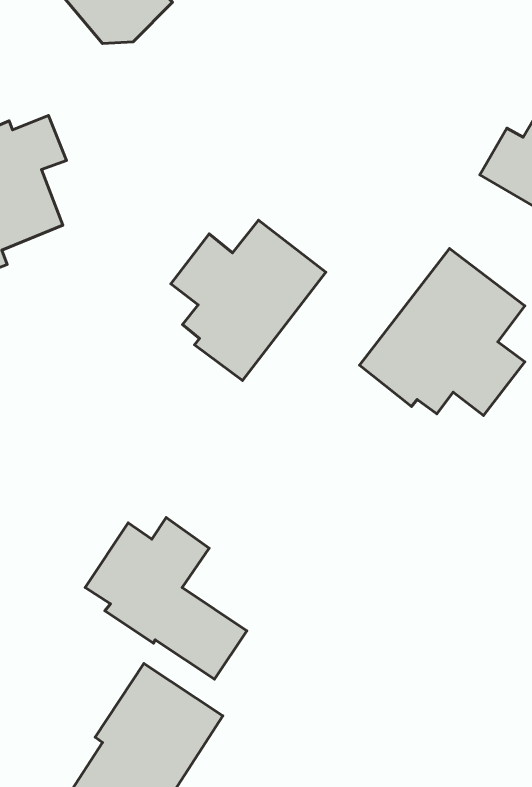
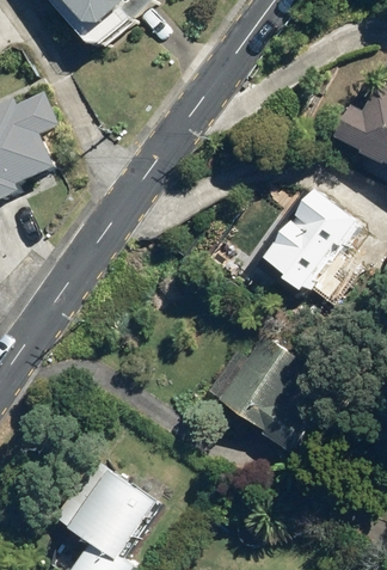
building: [171,220,326,381] -> none
building: [85,518,247,679] -> [207,339,314,447]

